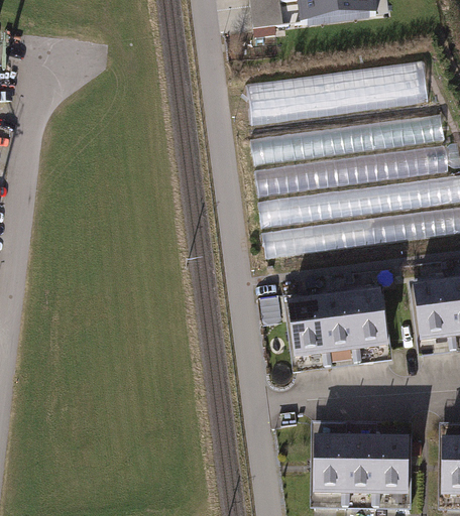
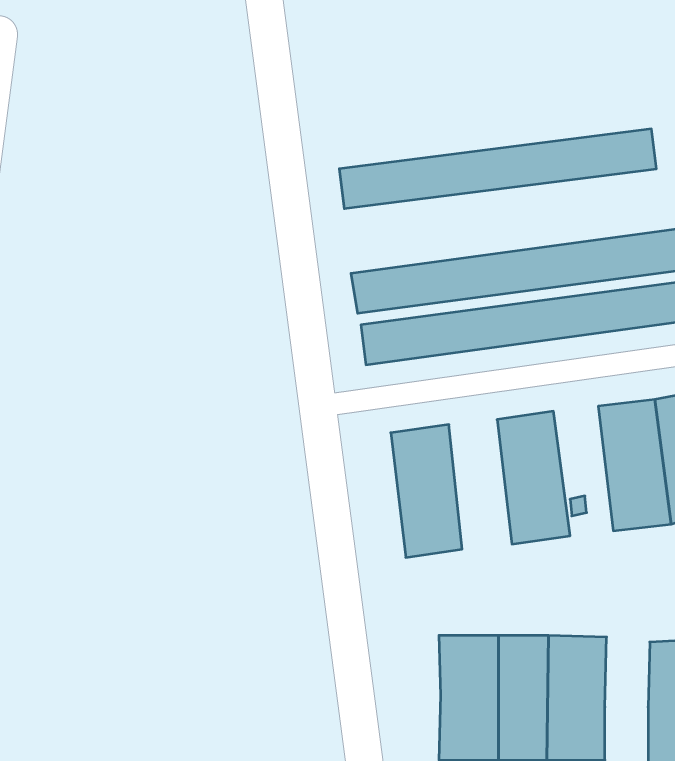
building: [247,57,428,126] -> none
building: [255,146,448,196] -> none
building: [318,291,356,370] -> none

